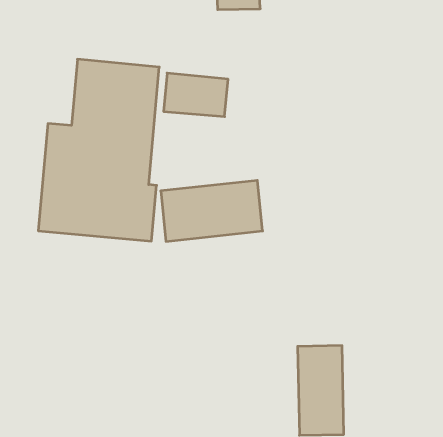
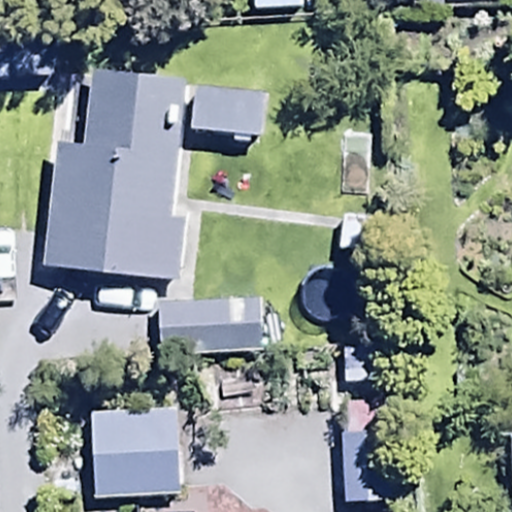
building: [161,180,263,241] -> [155,290,272,360]
building: none -> [89,414,179,498]

